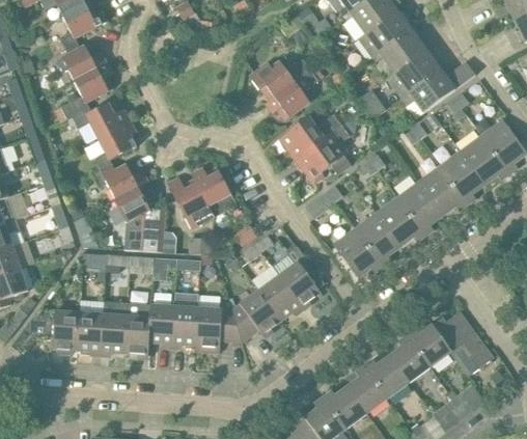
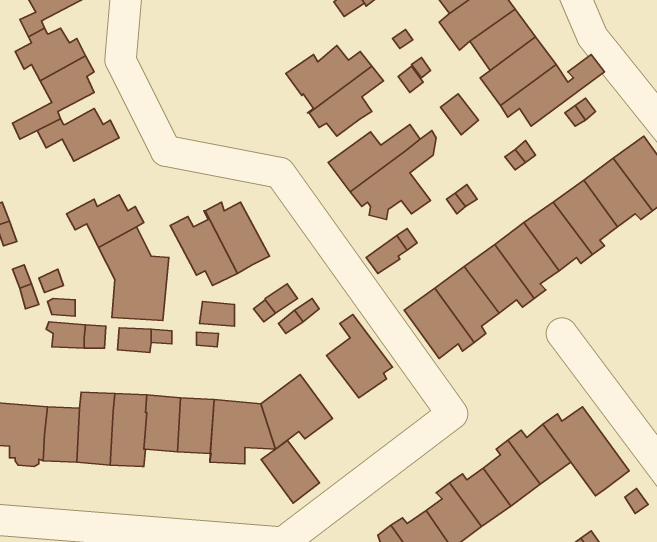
building: [89,121,136,175] -> none
building: [258,276,300,321] -> [261,440,320,503]

